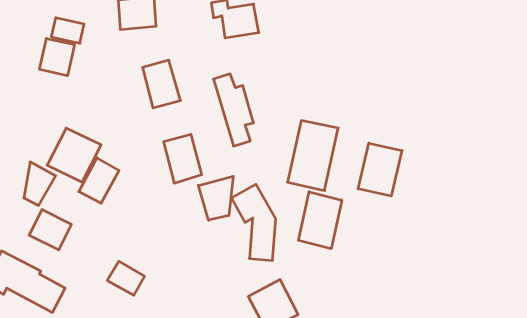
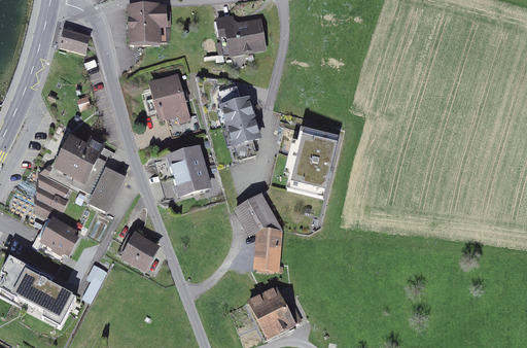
building: [40,38,74,76] -> none
building: [358,143,402,196] -> none
building: [198,176,233,220] -> none
building: [298,192,342,249] -> none
building: [107,261,144,295] -> [116,235,152,268]

